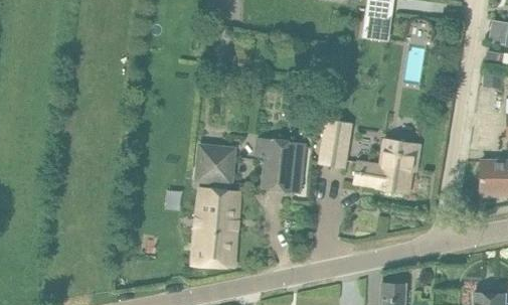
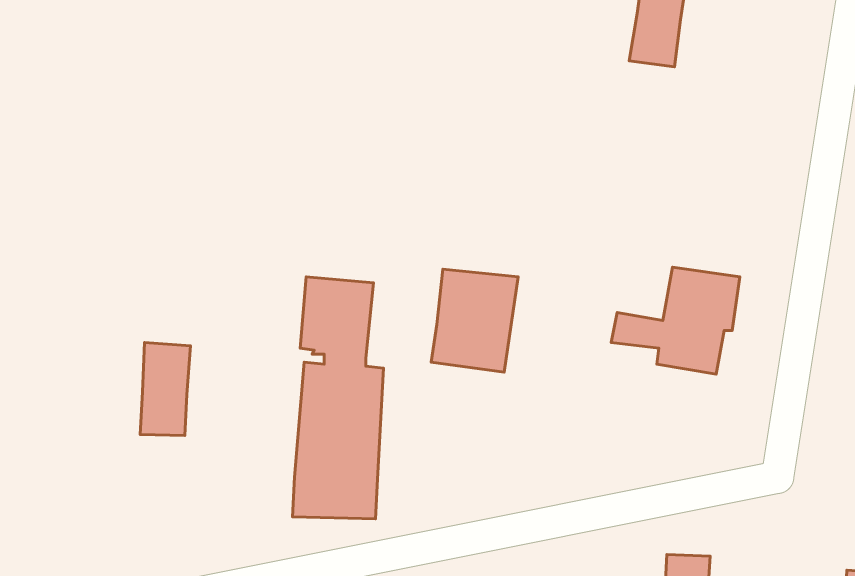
building: [320,120,351,167] -> none
building: none -> [140,343,191,435]

